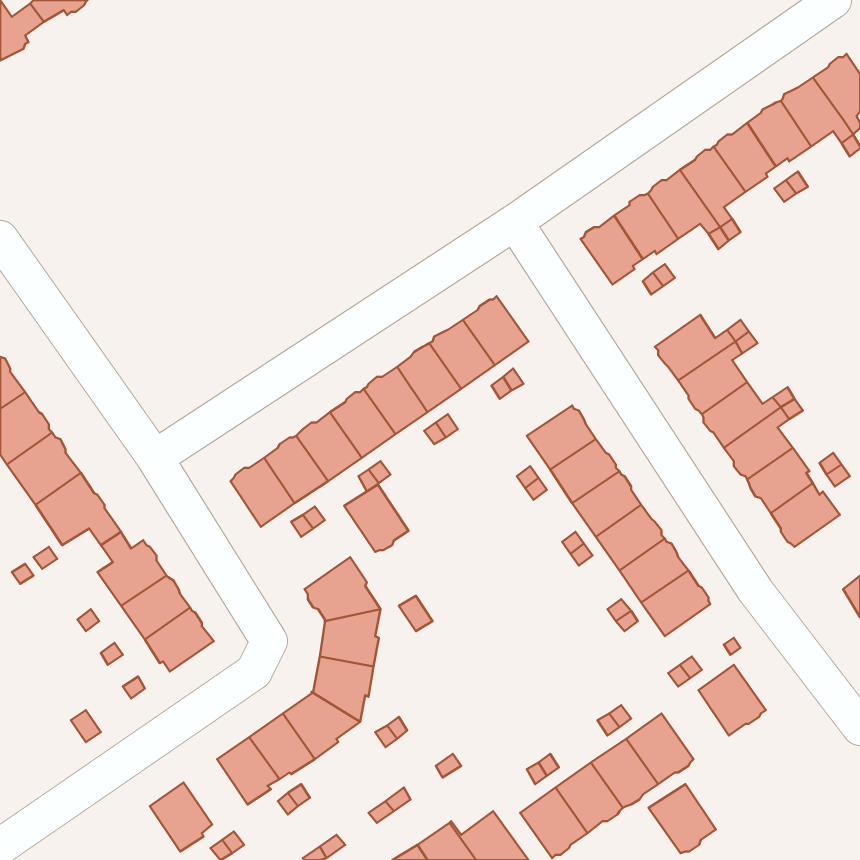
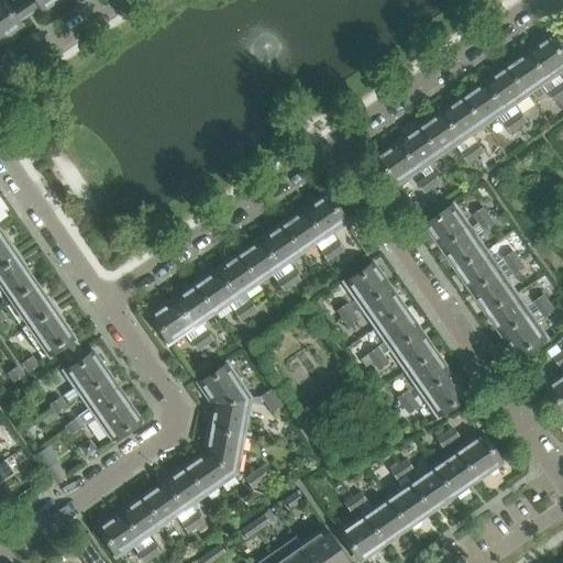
building: [344,485,409,552] -> none
building: none -> [120,496,162,539]
building: [649,784,716,853] -> [432,451,476,496]

